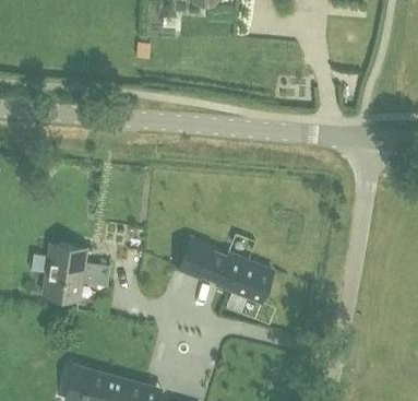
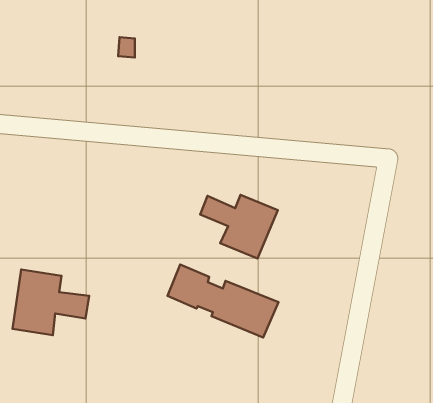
building: none -> [200,195,278,259]

